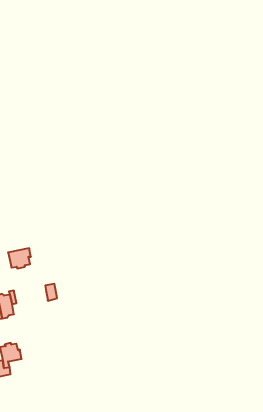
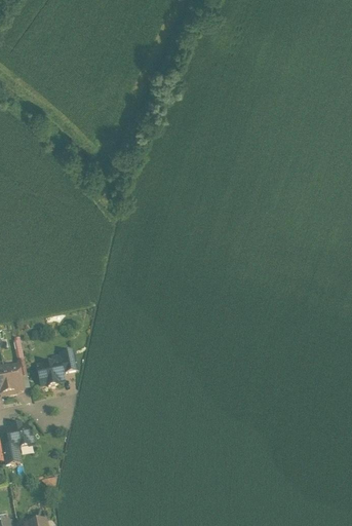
building: [8,248,31,268] -> [35,359,63,383]

